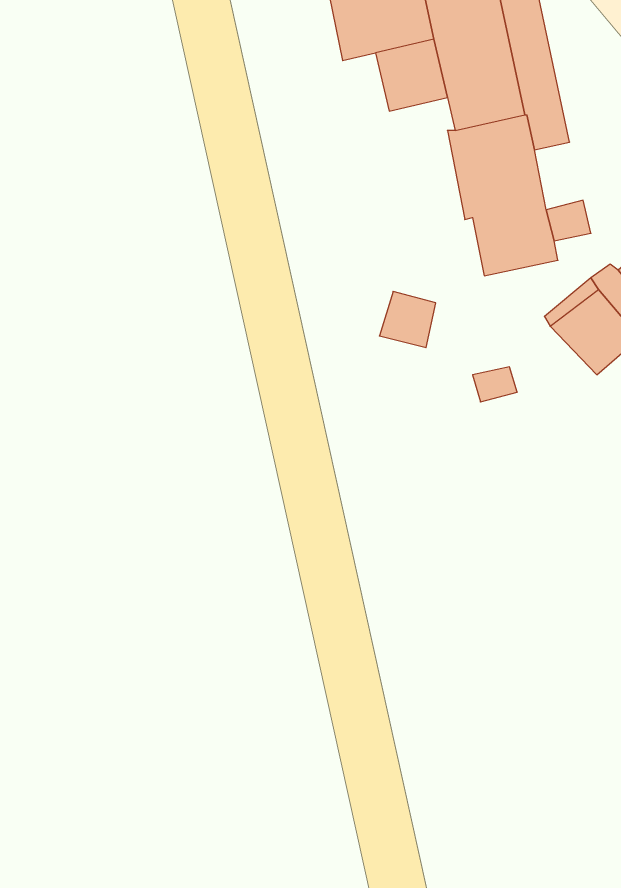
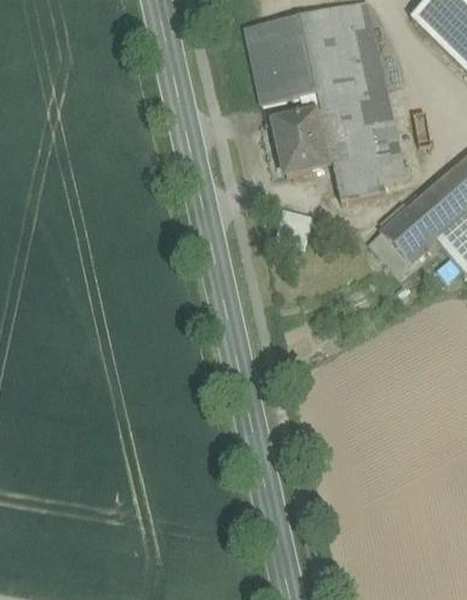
building: none -> [254,62,283,101]
building: none -> [276,110,330,173]
building: none -> [373,117,403,159]

